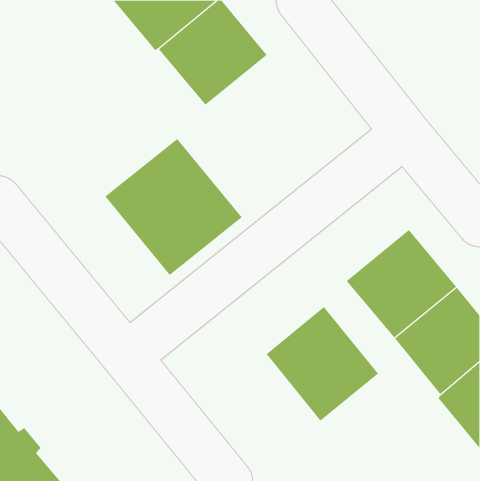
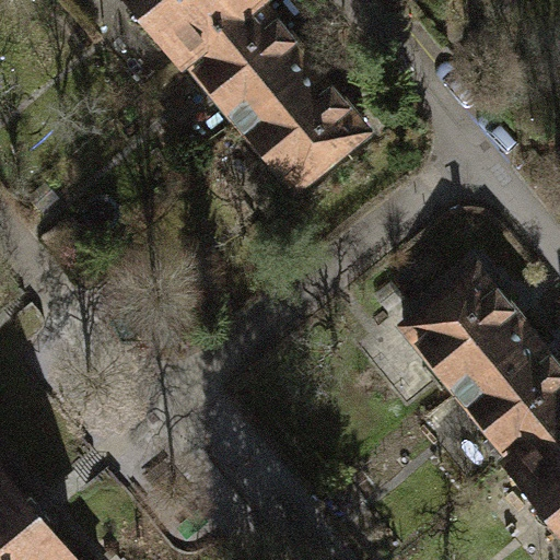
building: none -> [237,65,364,190]
building: [105,138,242,276] -> none
building: [266,306,379,421] -> none

